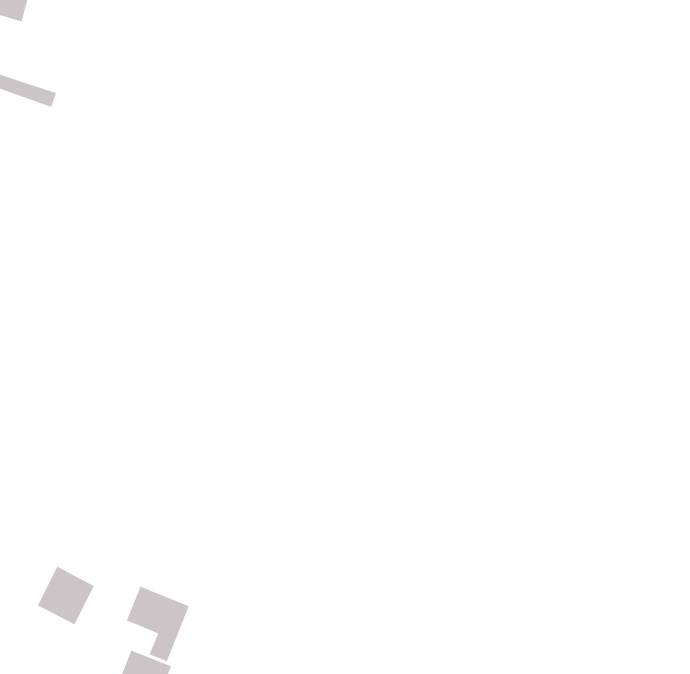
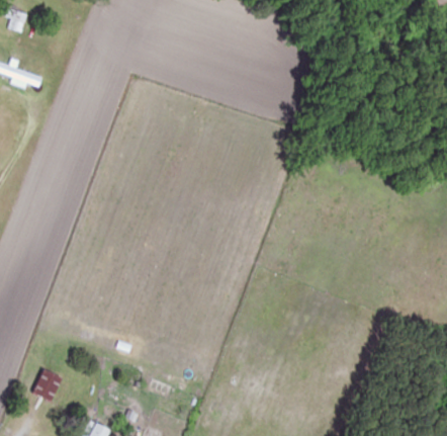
building: [126,586,190,662] -> none

